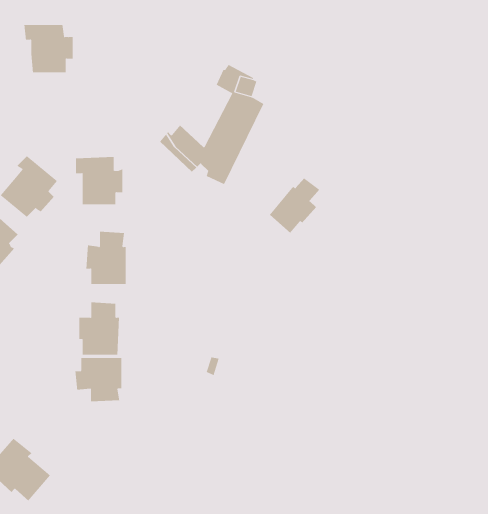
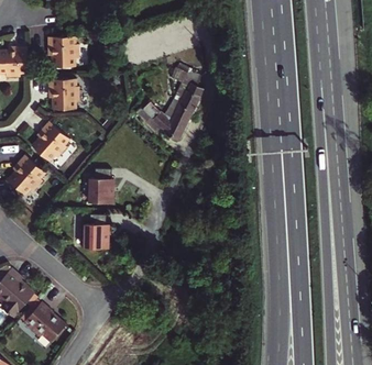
building: [75,157,123,205] -> [50,78,80,109]
building: [269,177,320,233] -> none
building: [75,357,122,402] -> none

